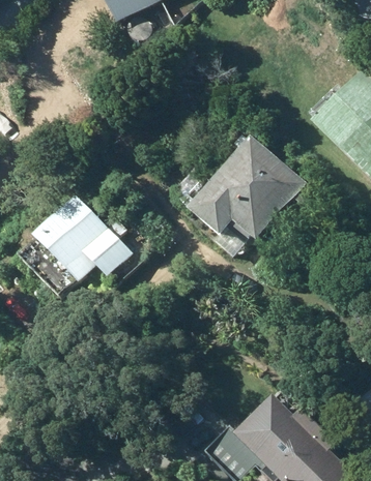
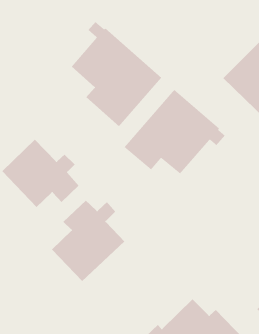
building: none -> [71,21,162,127]
building: none -> [51,200,125,282]

